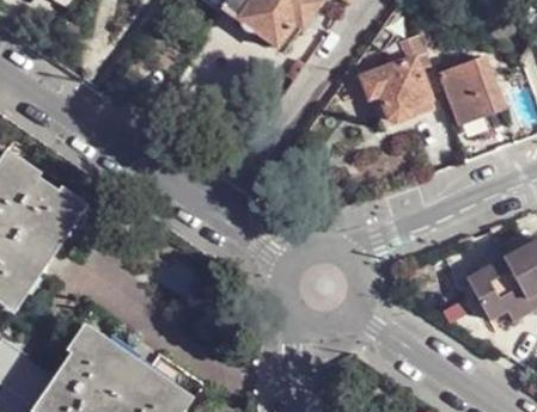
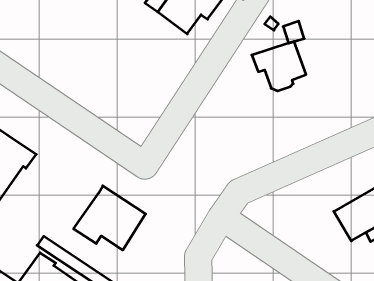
building: [441,56,505,124] -> none
building: none -> [74,186,146,250]

